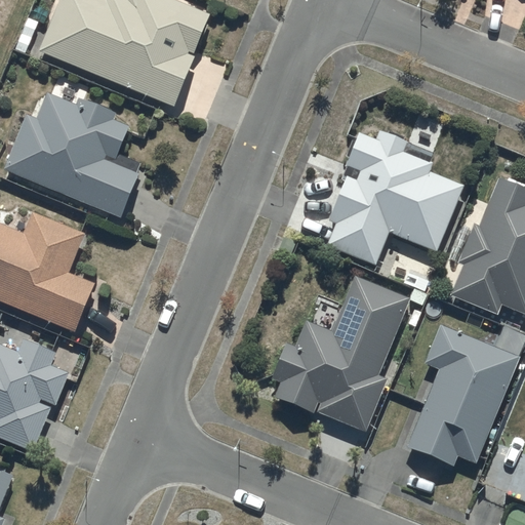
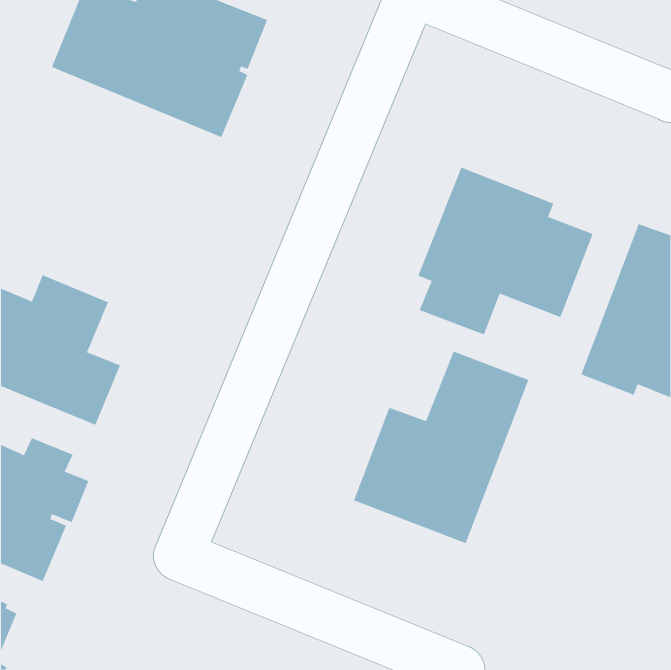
building: [4,93,140,219] -> none
building: [410,323,518,461] -> none

